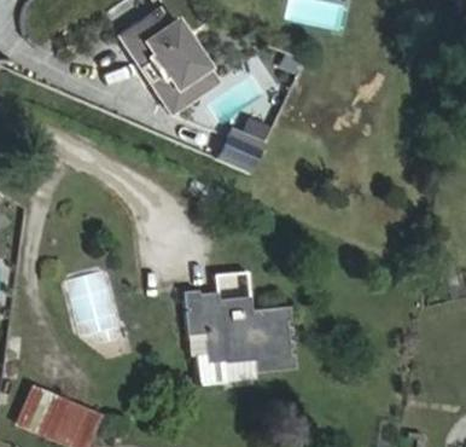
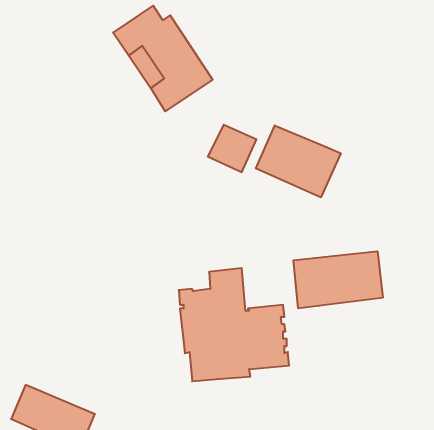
building: none -> [256,125,341,197]
building: none -> [293,251,383,308]

